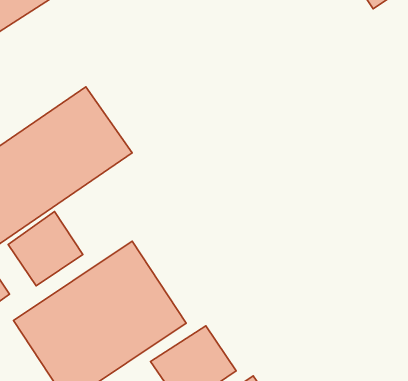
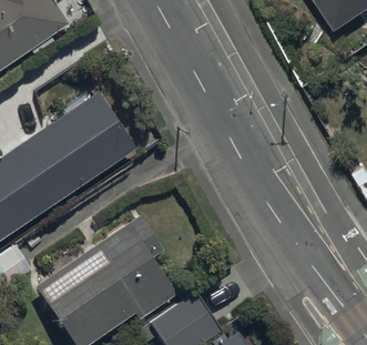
building: [8,212,83,286] -> none

